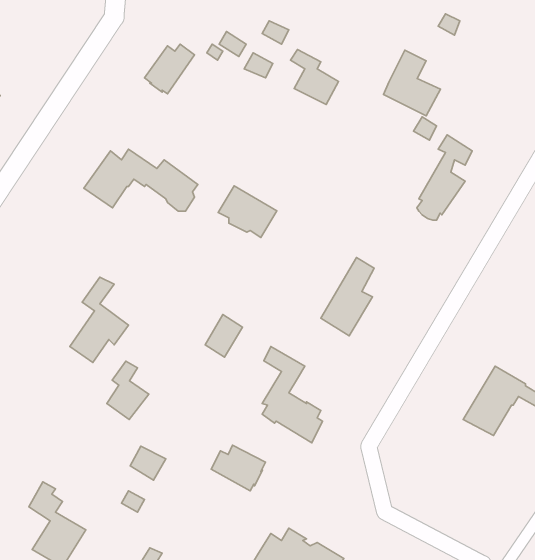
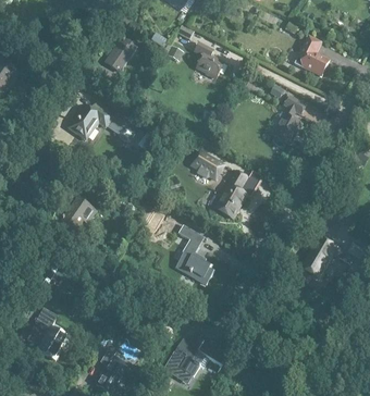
building: [383,50,440,116] -> [295,36,330,76]
building: [218,186,277,237] -> [188,150,224,182]
building: [107,361,149,420] -> none
building: [211,445,266,491] -> none

